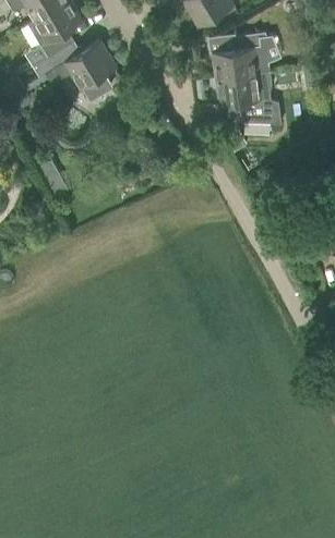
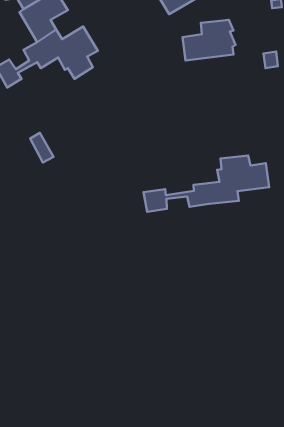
building: [216,70,282,122] -> none
building: none -> [144,155,269,212]

